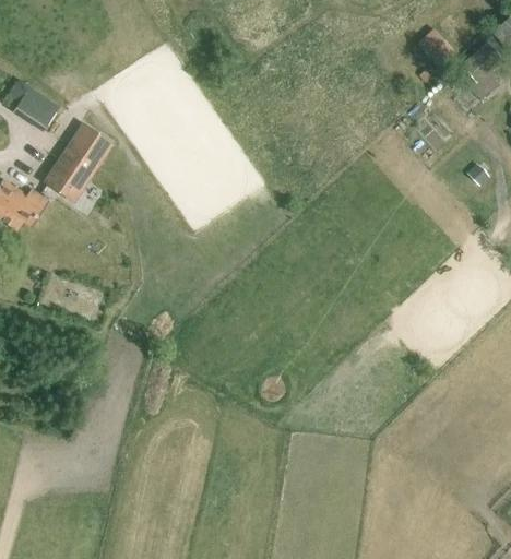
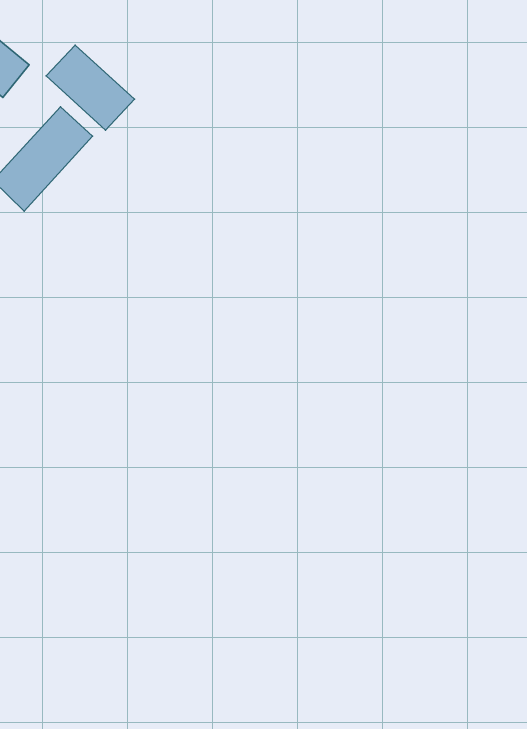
building: none -> [46,45,135,130]

